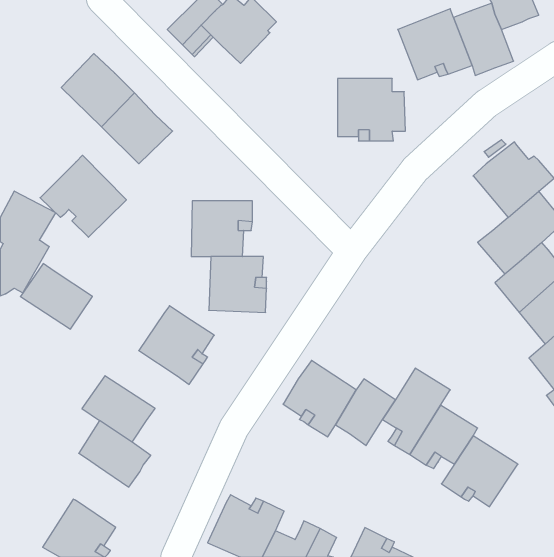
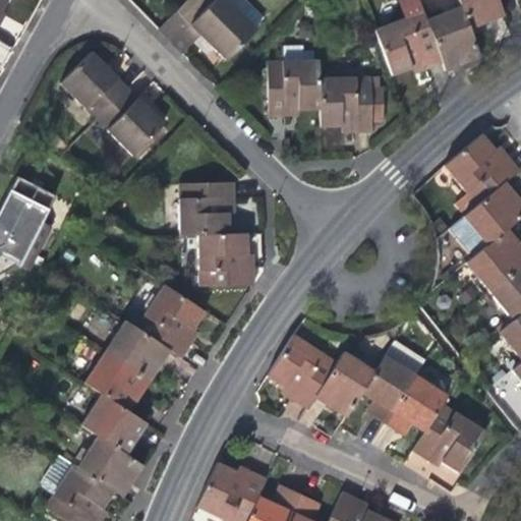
building: none -> [267,56,319,120]
building: [40,155,126,237] -> none
building: [20,264,92,329] -> [102,320,169,381]
building: none -> [74,435,141,498]

